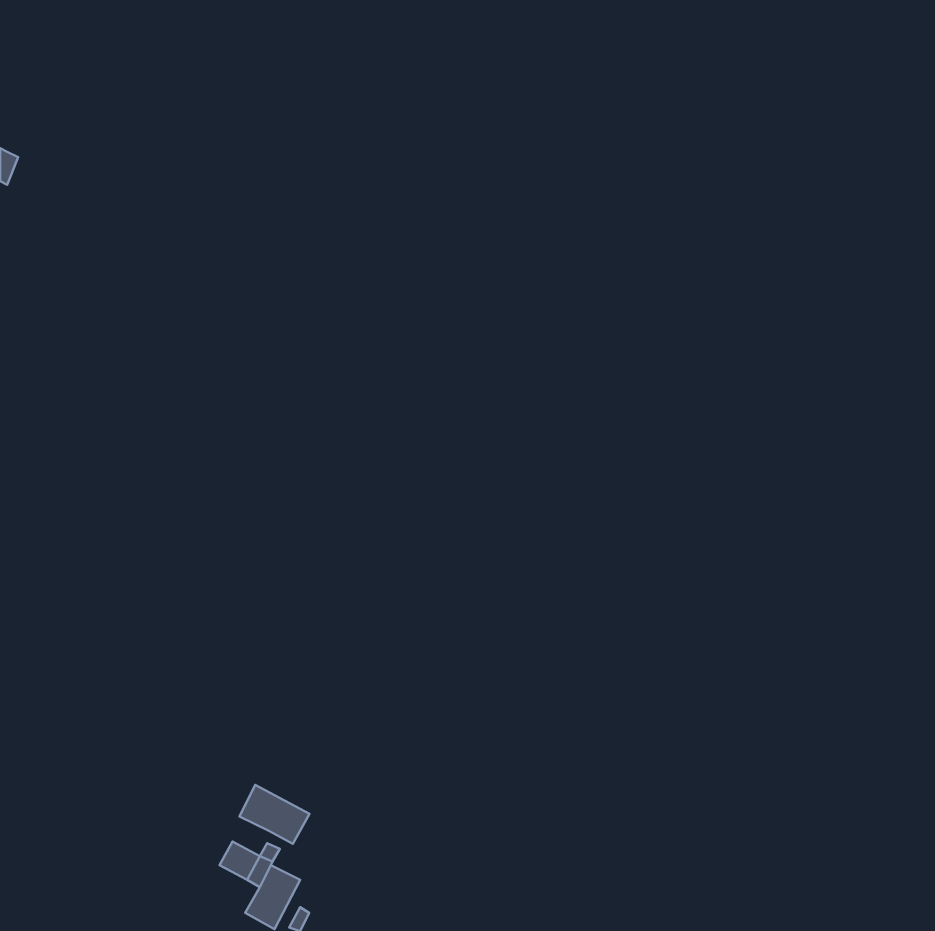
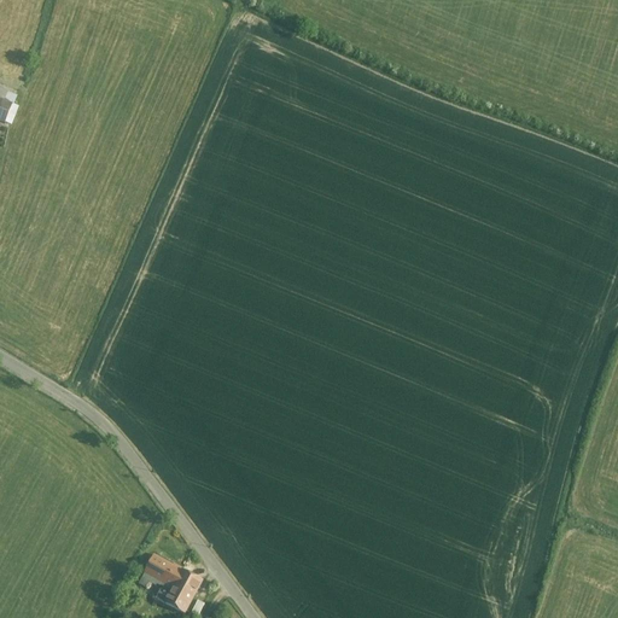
building: [240,785,309,844] -> none

